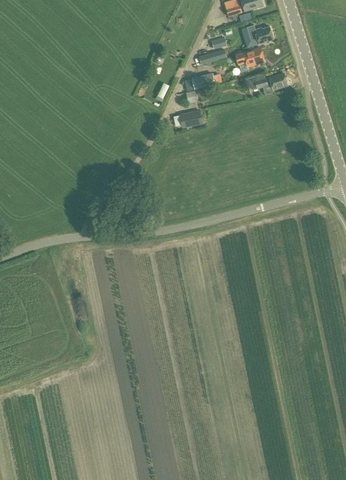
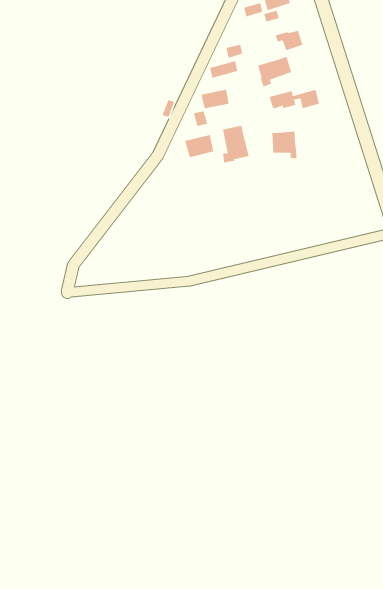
building: none -> [222,125,249,163]
building: none -> [271,131,297,159]

